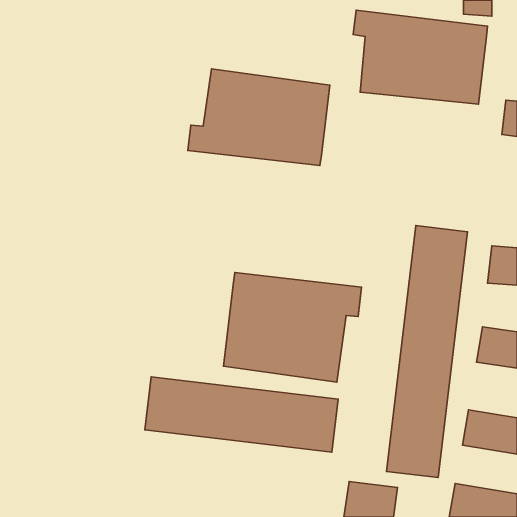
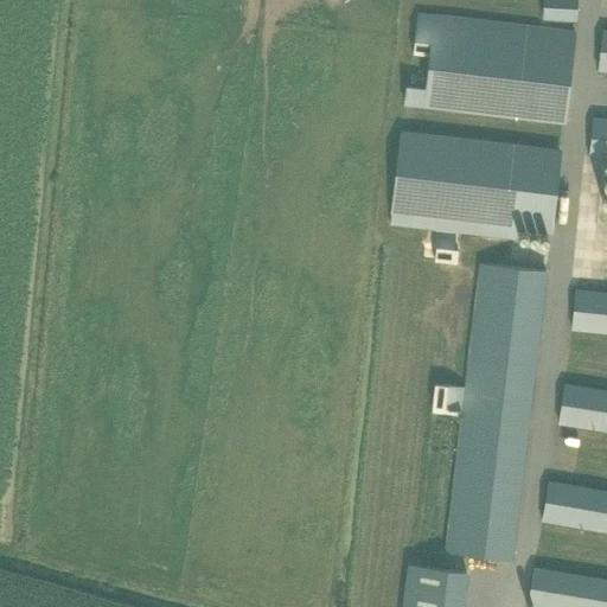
building: [188,69,330,166] -> none
building: none -> [390,130,562,236]
building: [224,273,361,382] -> none
building: [145,377,338,452] -> none

